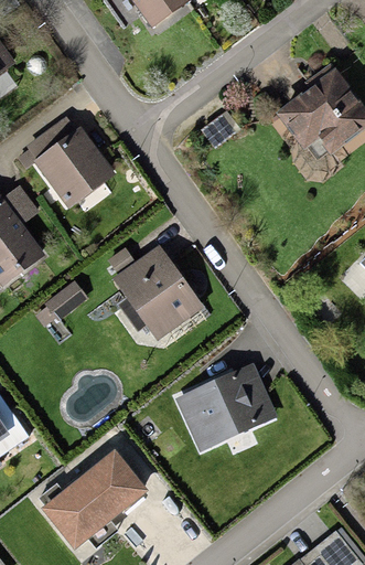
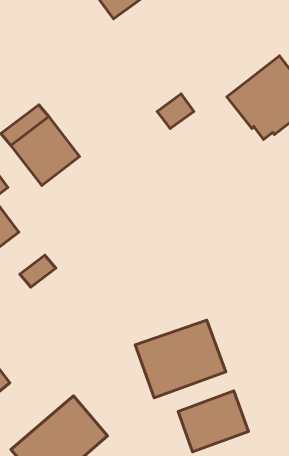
building: [117,254,201,341] -> none
building: none -> [178,391,248,452]

